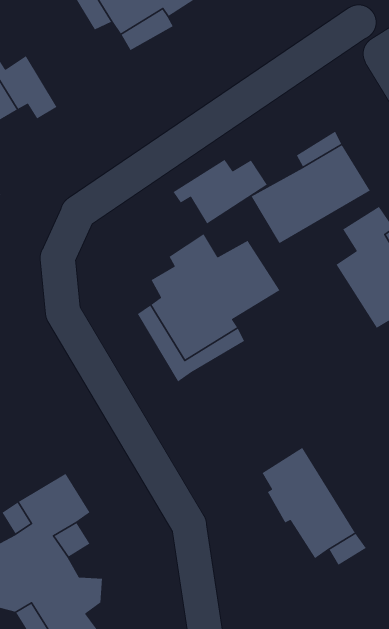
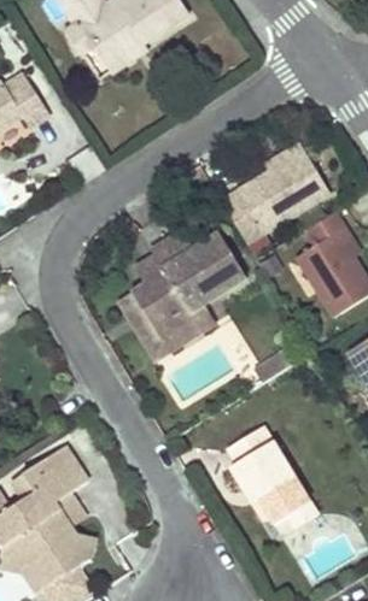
building: [172,159,268,225] -> none

